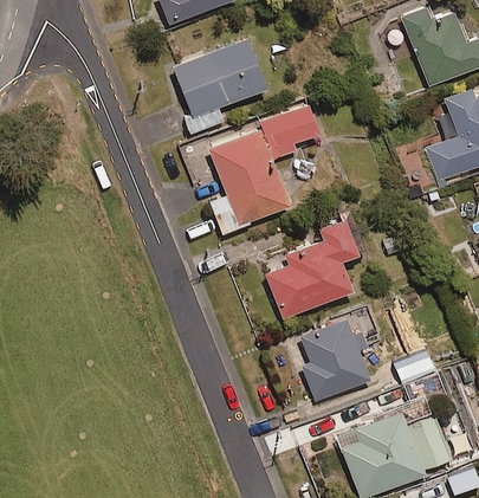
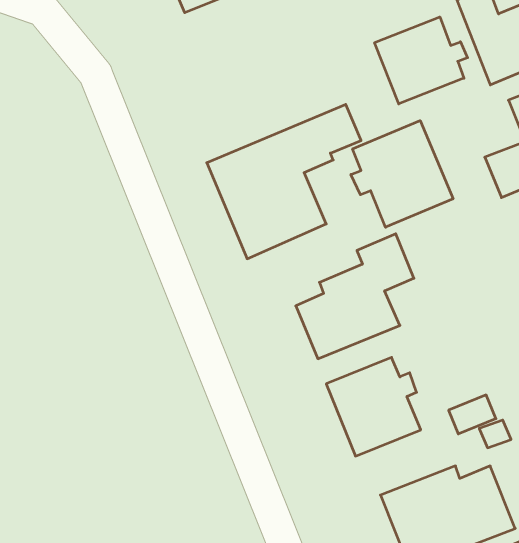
building: none -> [375,17,468,104]
building: [173,37,267,131] -> none
building: none -> [351,121,453,227]

